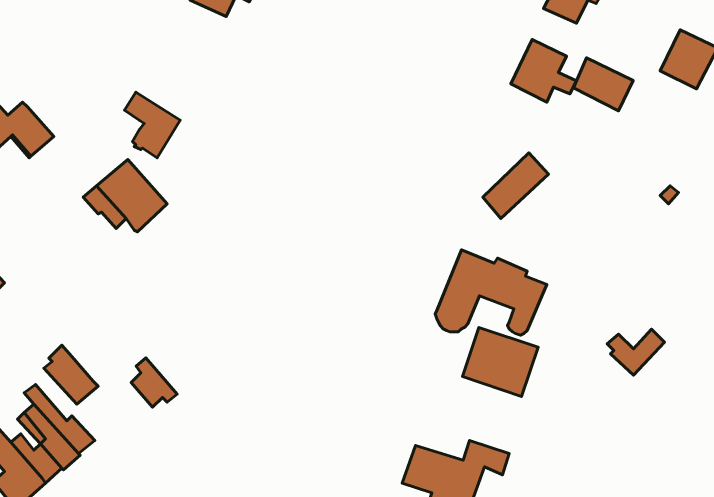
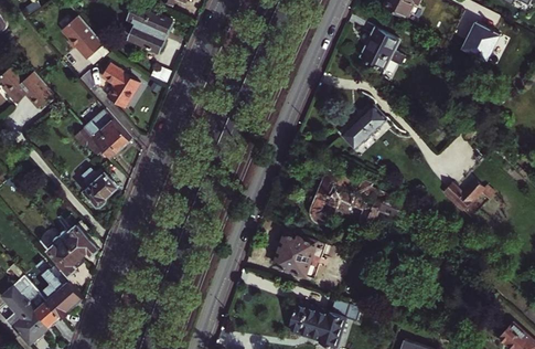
building: none -> [130,7,172,51]
building: none -> [58,14,101,59]
building: [573,58,633,111] -> none
building: none -> [82,168,118,203]
building: [462,327,538,396] -> [274,232,324,278]
building: [607,329,665,375] -> [445,180,483,211]
building: [131,358,177,407] -> [66,225,97,258]

